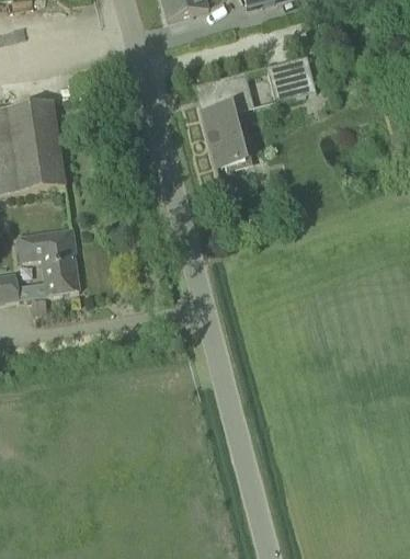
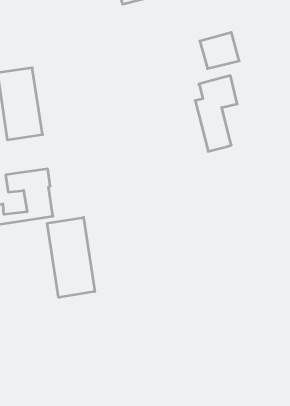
building: [198,71,252,168] -> [195,76,237,151]
building: none -> [47,217,95,297]

